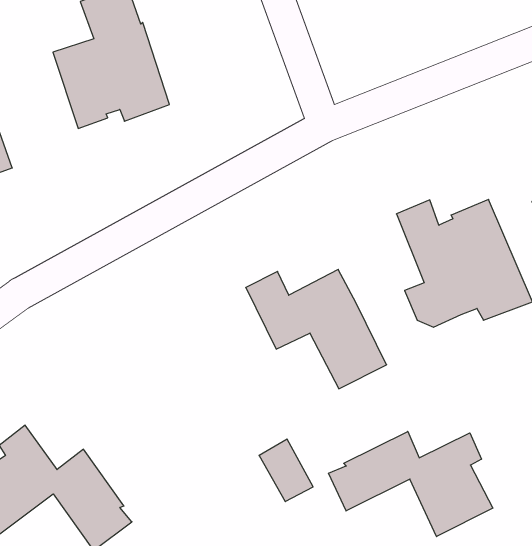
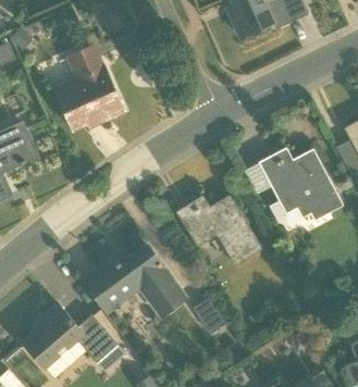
building: none -> [81,248,185,315]
building: [329,431,493,537] -> none

